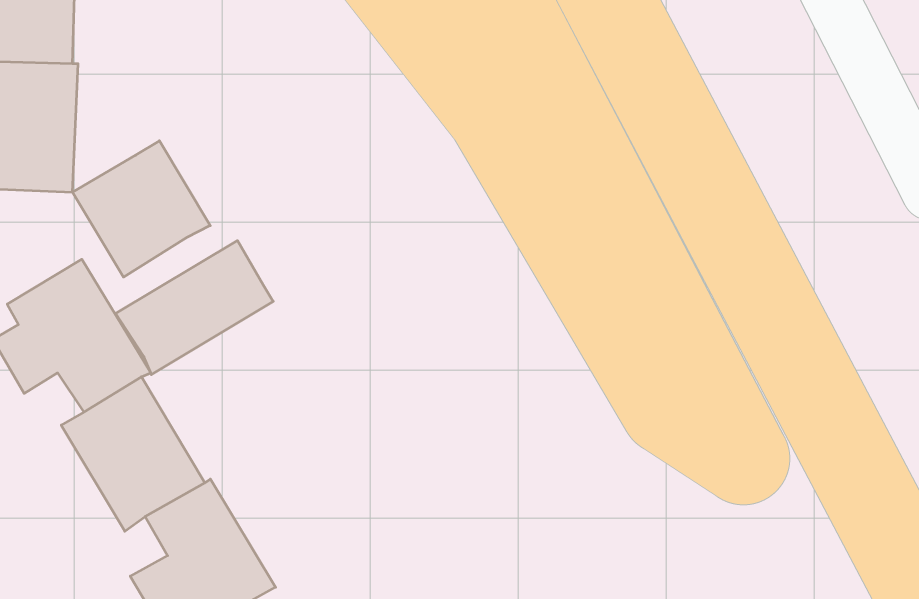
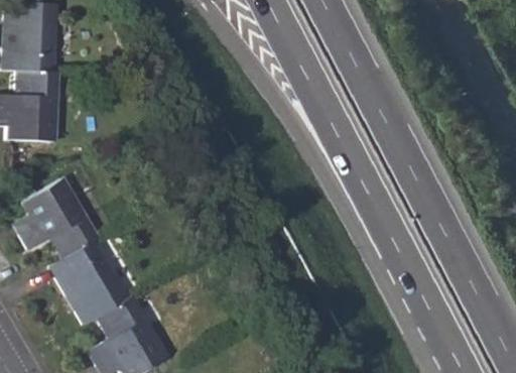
building: [73,141,210,277] -> none
building: [116,241,273,375] -> none

